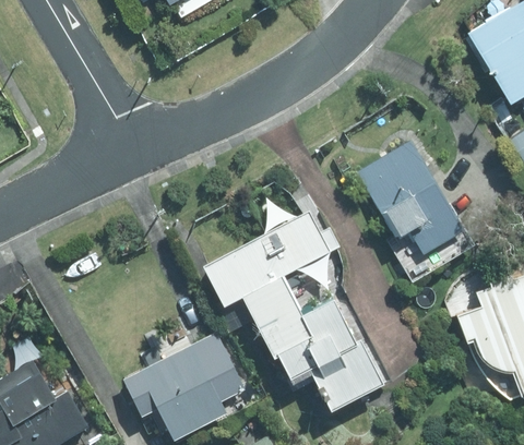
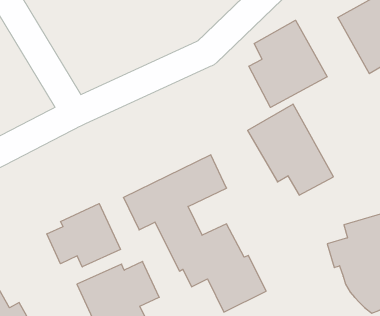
building: none -> [249,20,327,107]
building: none -> [47,204,120,267]

